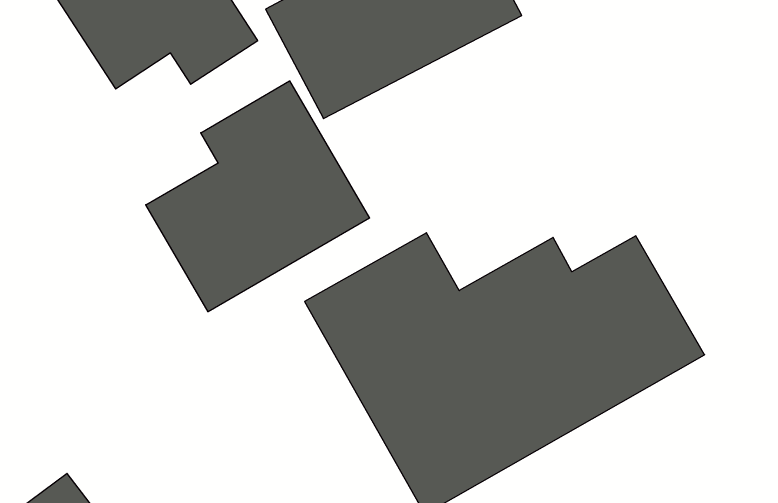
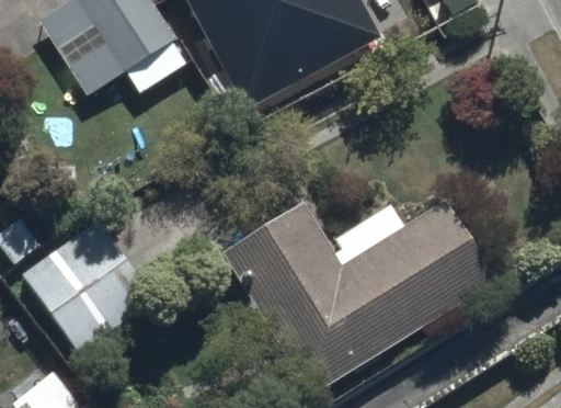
building: [146,81,370,312] -> none
building: none -> [32,235,154,355]

